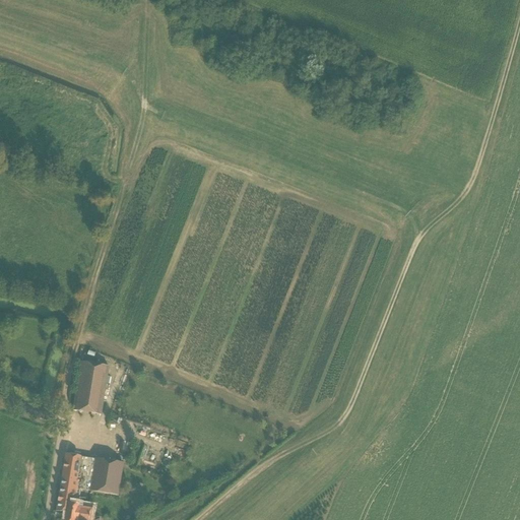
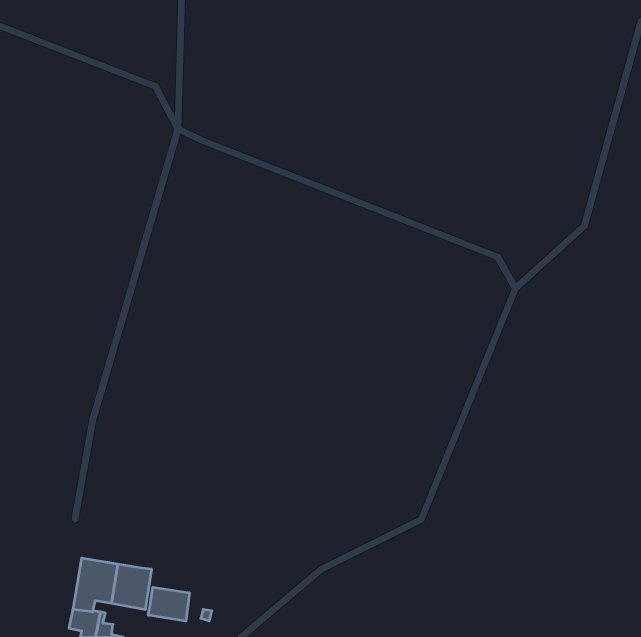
building: [72,360,110,413] -> none
building: none -> [148,587,189,621]

